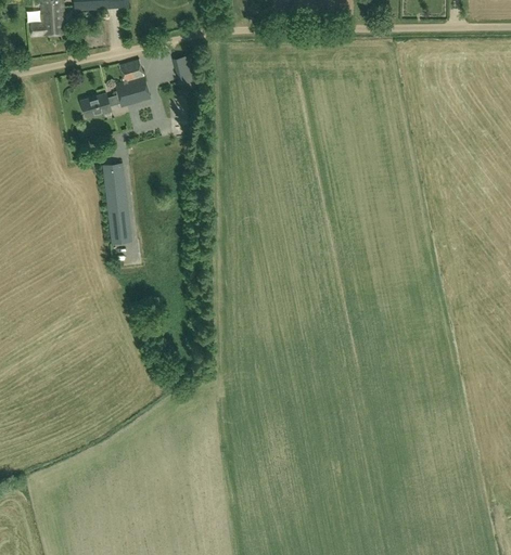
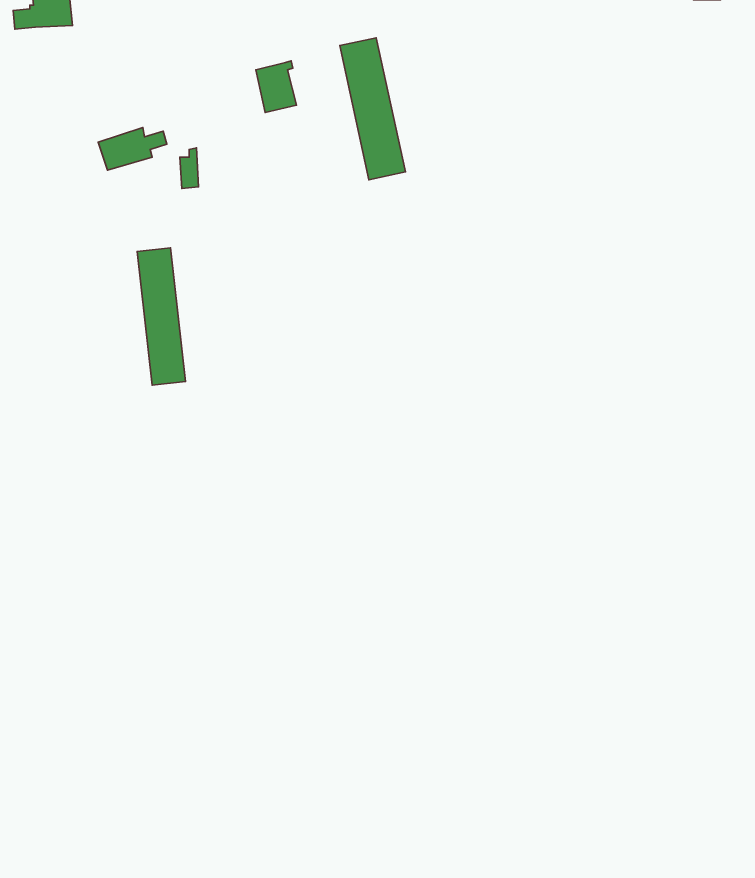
building: none -> [340,38,405,180]
building: [115,57,151,106] -> none

